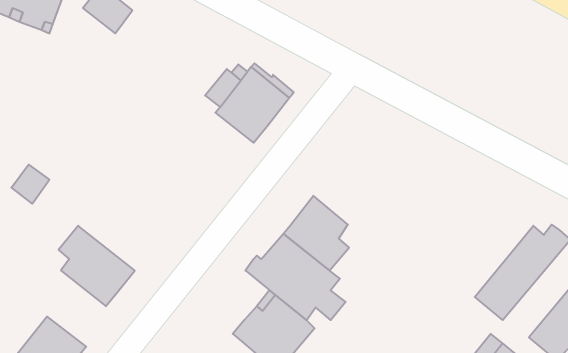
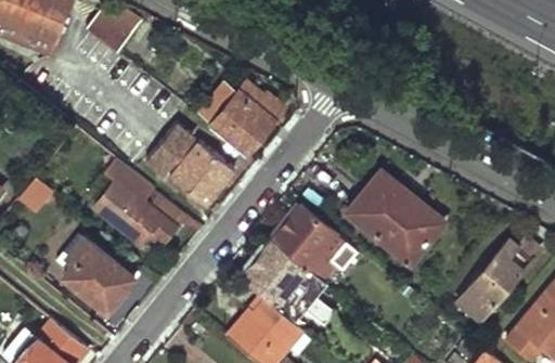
building: none -> [146,124,232,206]
building: none -> [94,169,185,245]
building: none -> [347,170,443,264]

